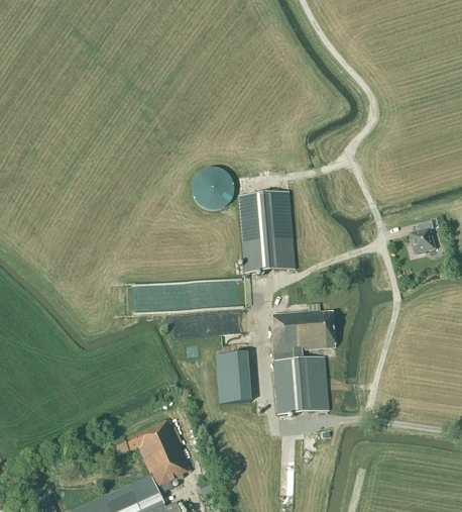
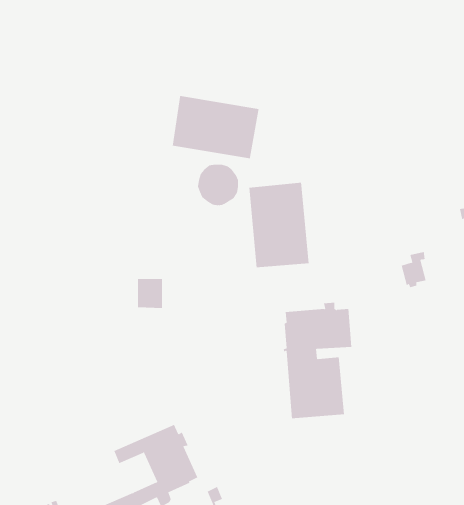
building: none -> [172,95,259,159]
building: [410,220,434,254] -> [401,252,427,288]
building: [217,352,251,403] -> none

